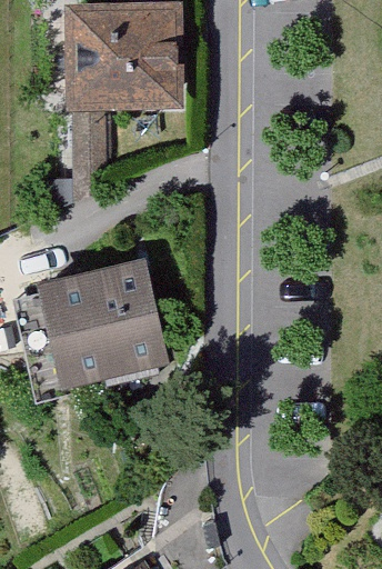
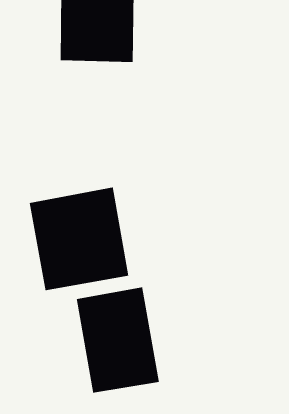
building: none -> [76,287,159,393]

